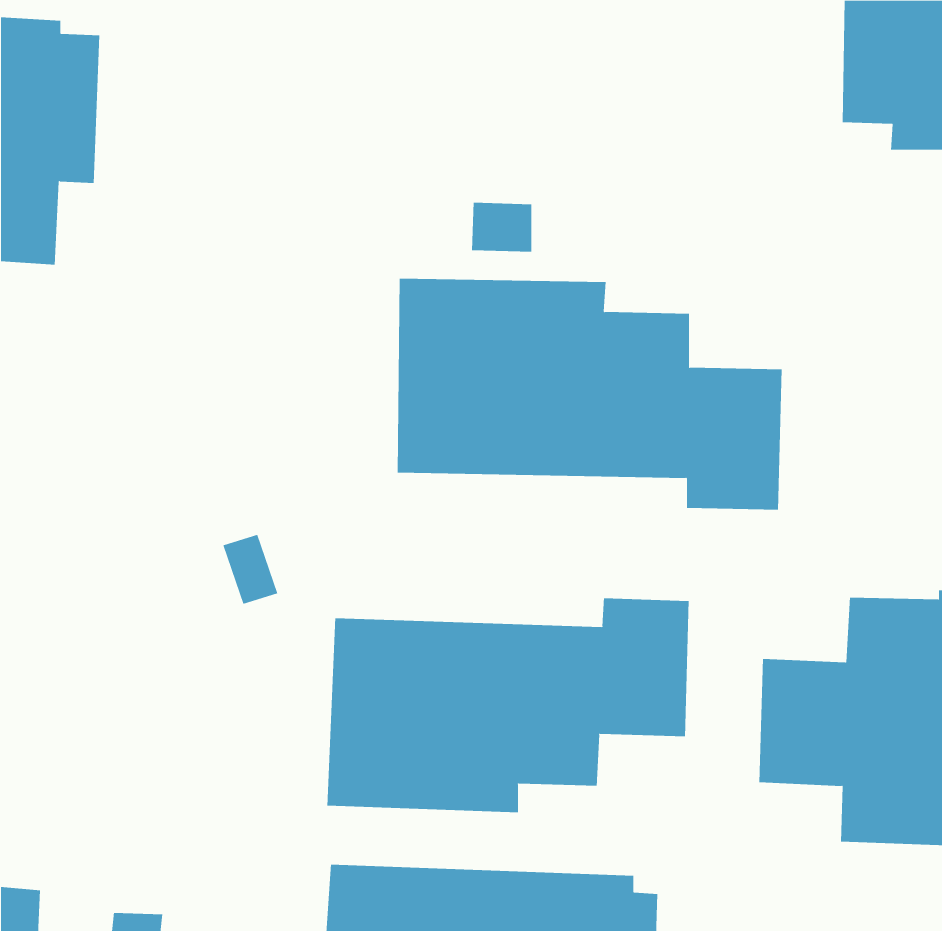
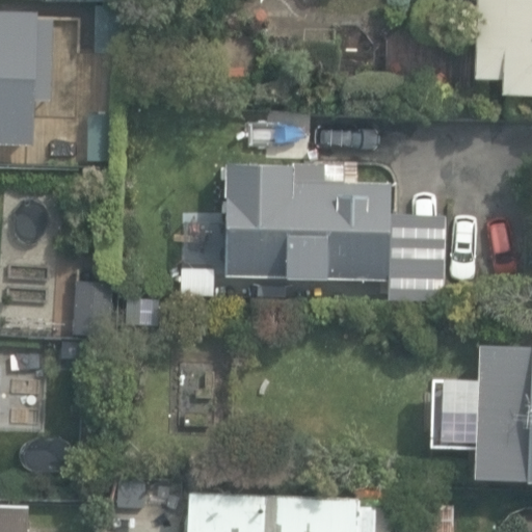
building: [327,598,689,813] -> none

